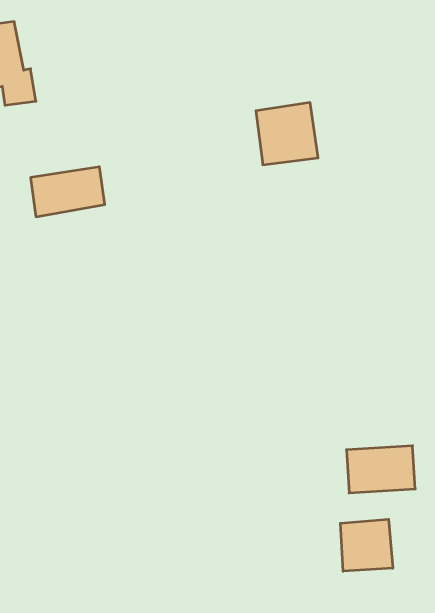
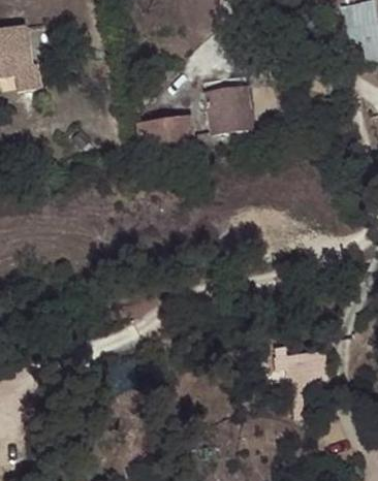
building: [31,167,105,217] -> [135,111,192,150]
building: [340,519,393,571] -> none

